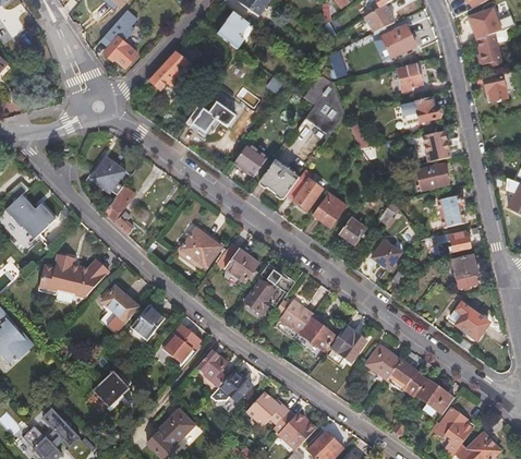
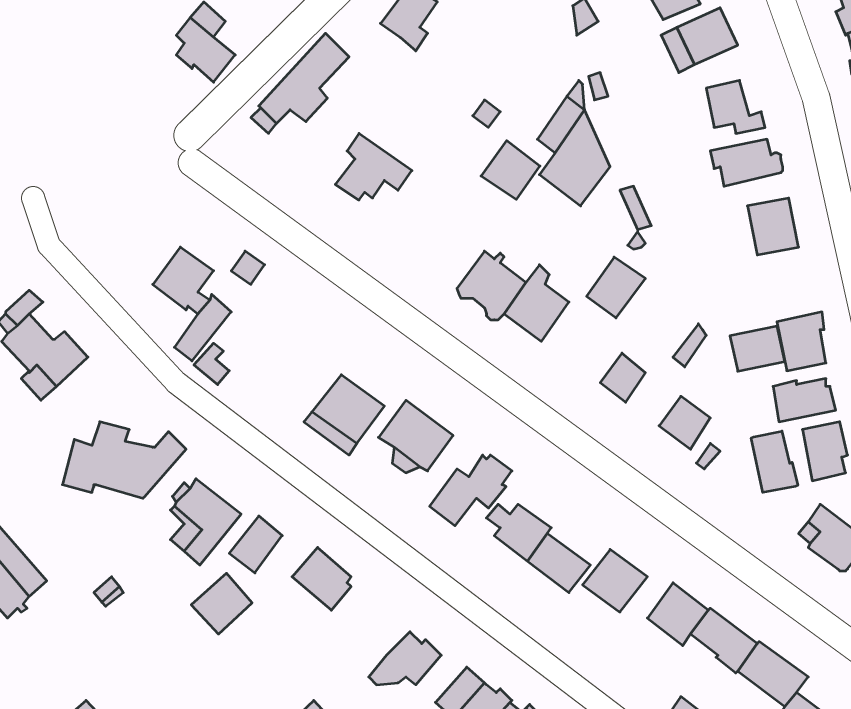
building: [233,143,266,176] -> [481,141,540,199]
building: [416,164,447,189] -> [730,326,785,371]
building: [313,192,346,226] -> [587,257,645,318]
building: none -> [751,431,798,492]
building: [198,348,229,384] -> none
building: [95,372,129,406] -> [191,573,252,634]

